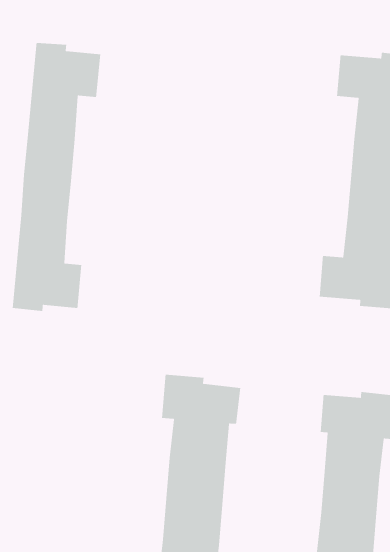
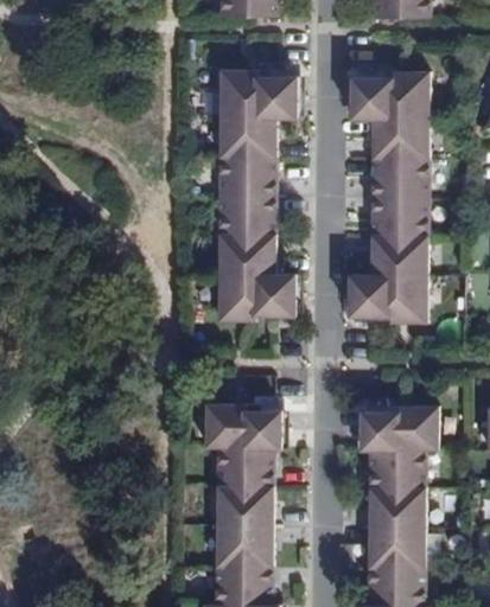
building: none -> [218,69,297,320]
building: [12,42,101,312] -> none

